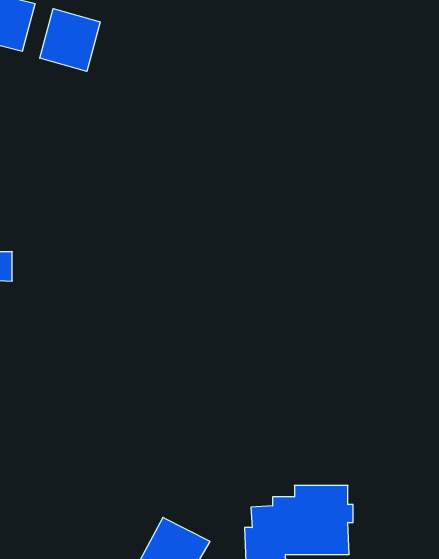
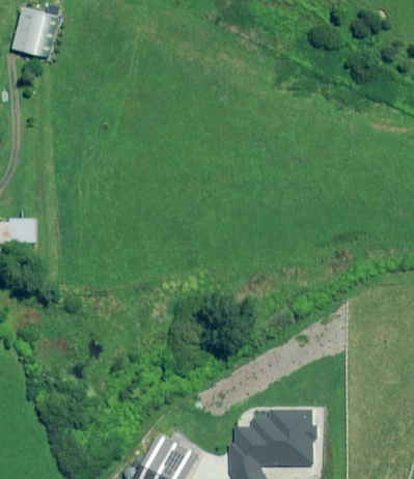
building: [40,9,100,71] -> none

